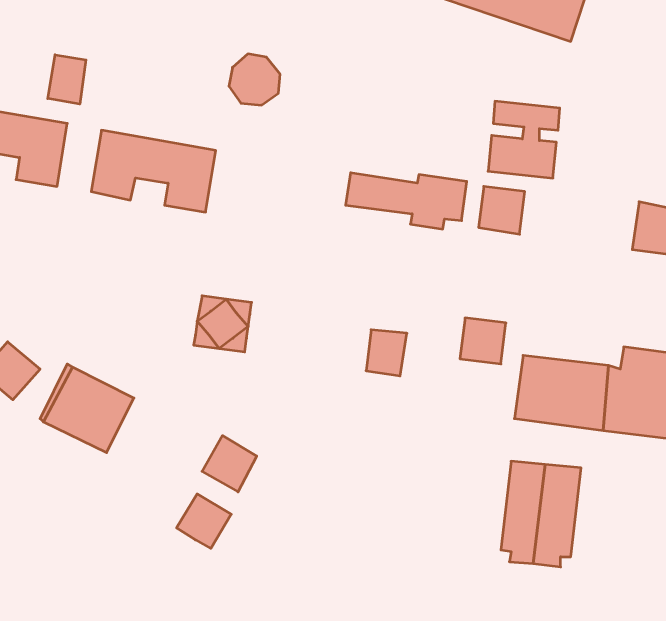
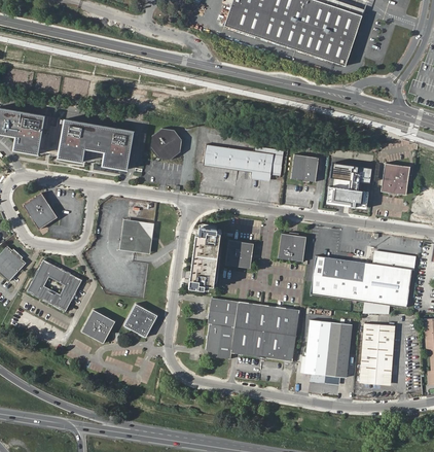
building: [229,54,280,105] -> [149,128,180,159]
building: [48,55,86,104] -> none
building: [488,101,560,178] -> [330,158,373,204]
building: none -> [25,194,59,231]
building: none -> [188,221,225,290]
building: none -> [205,299,298,361]
building: none -> [360,323,394,384]
building: [177,494,231,548] -> [82,308,115,341]

